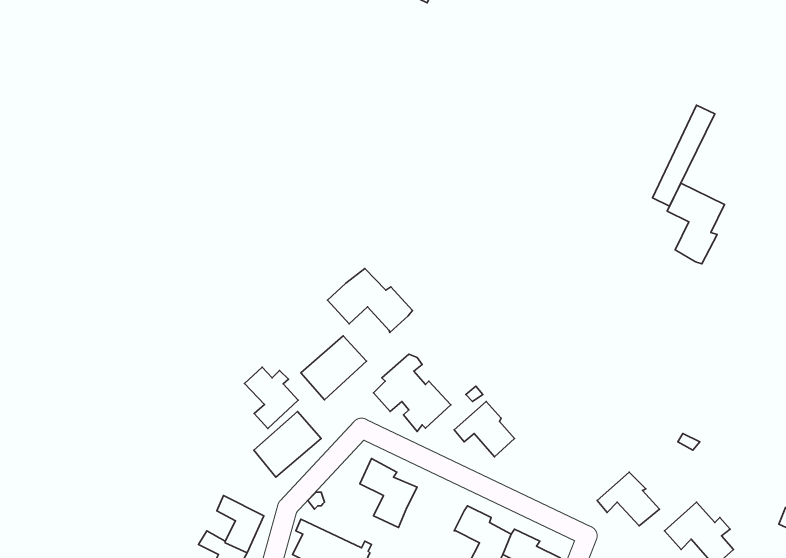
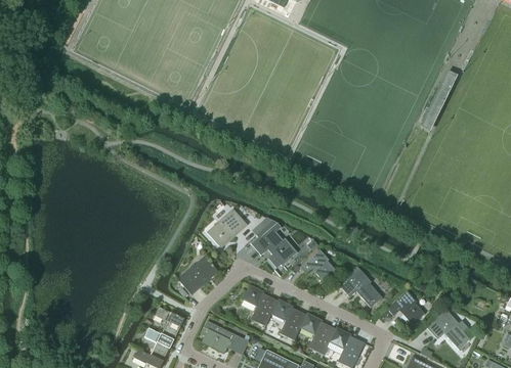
building: [667,183,725,264] -> none
building: [327,268,413,333] -> none
building: [244,367,298,428] -> none
building: none -> [339,269,382,308]
building: none -> [271,298,306,340]

